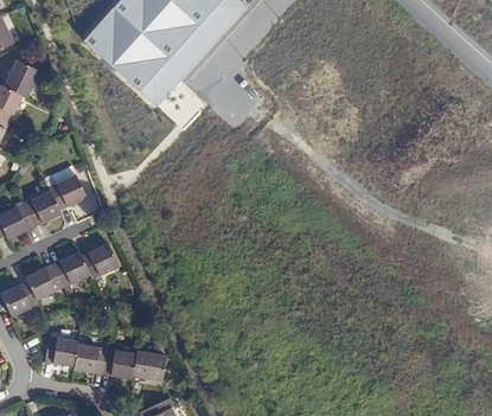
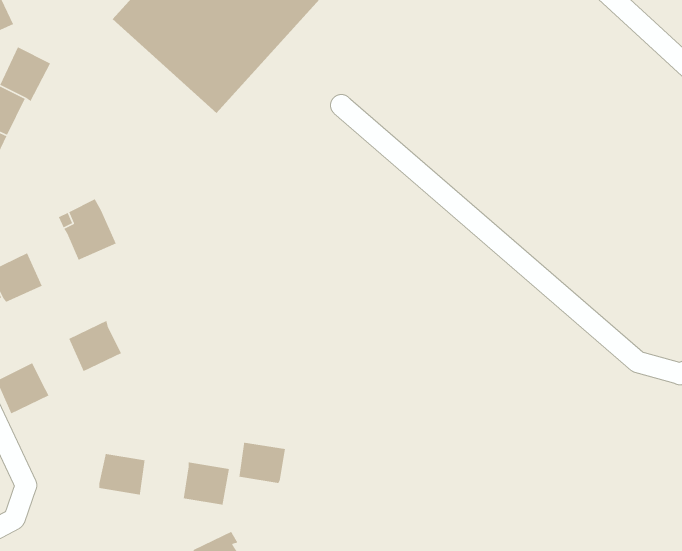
building: [24,191,62,228] -> none
building: [81,243,119,280] -> none
building: [26,264,63,300] -> none
building: [45,337,78,366] -> none
building: [103,350,136,379] -> [239,442,286,484]

